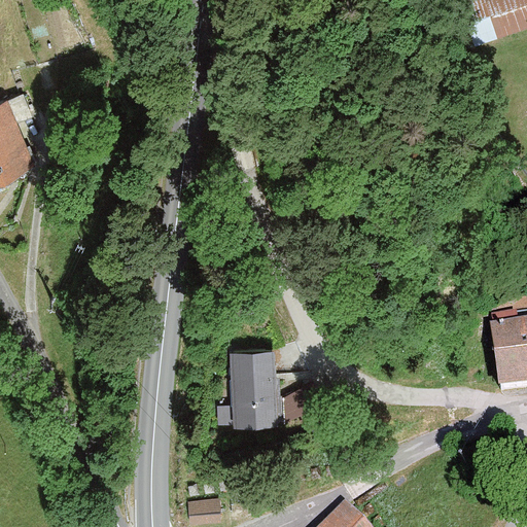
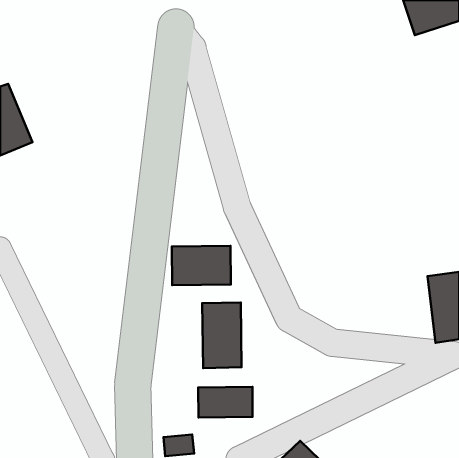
building: none -> [172,246,231,285]
building: none -> [198,387,253,417]

